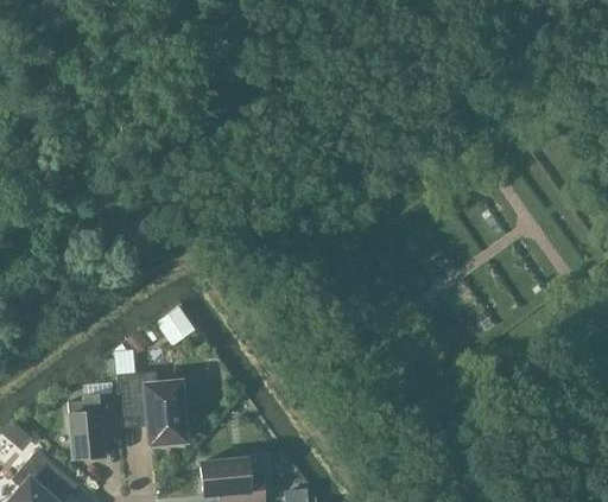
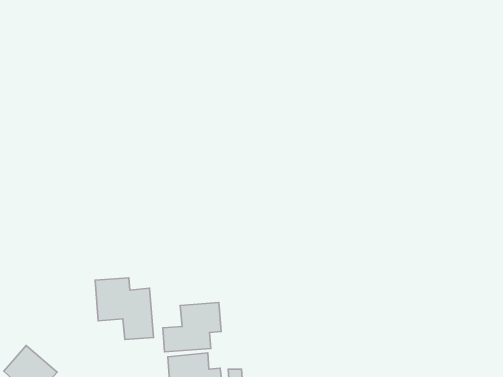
building: [70,394,116,459] -> none
building: none -> [163,303,221,352]

